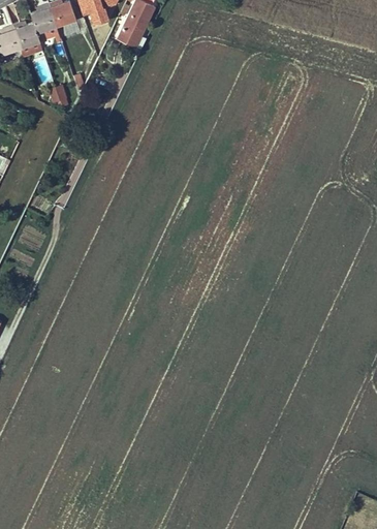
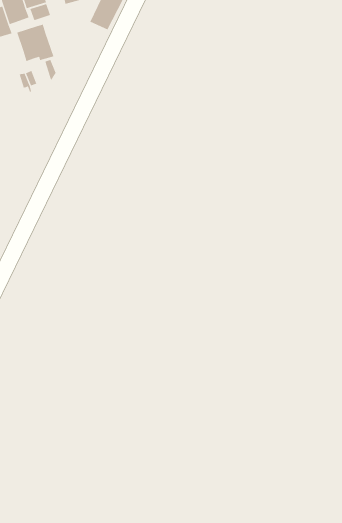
building: none -> [16,24,54,62]

